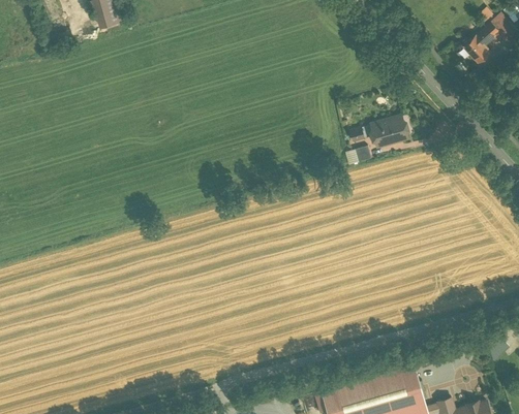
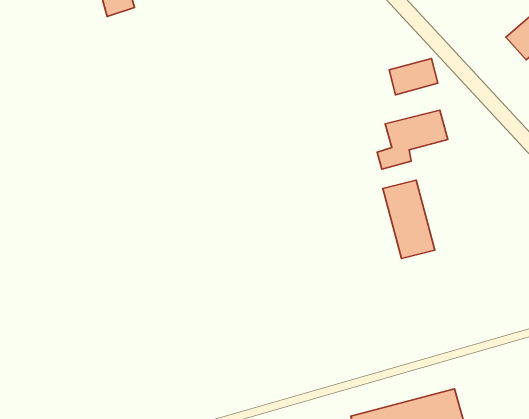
building: none -> [389,59,438,95]
building: none -> [383,180,435,259]

